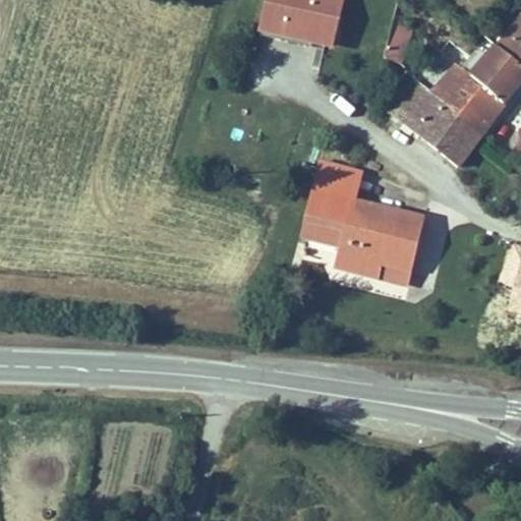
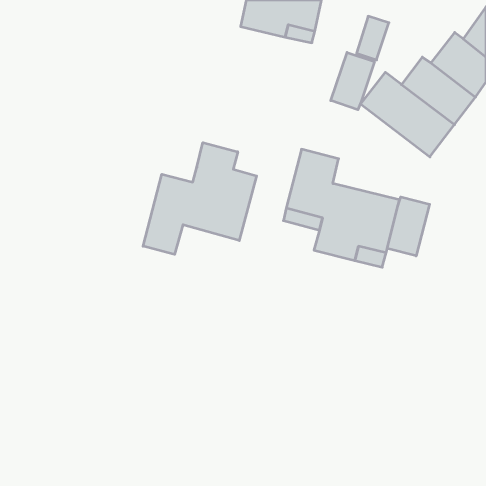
building: none -> [331,52,374,110]
building: none -> [143,143,257,254]
building: none -> [387,197,430,256]

